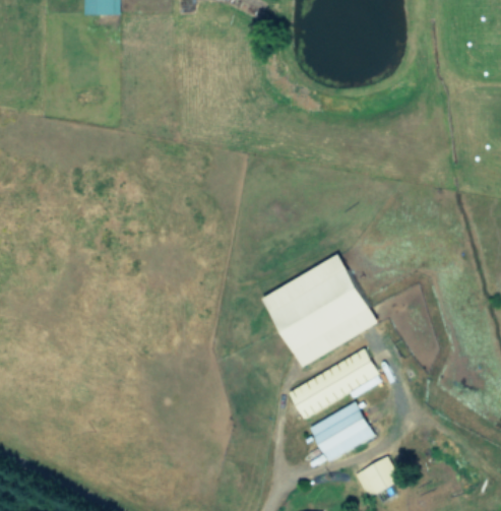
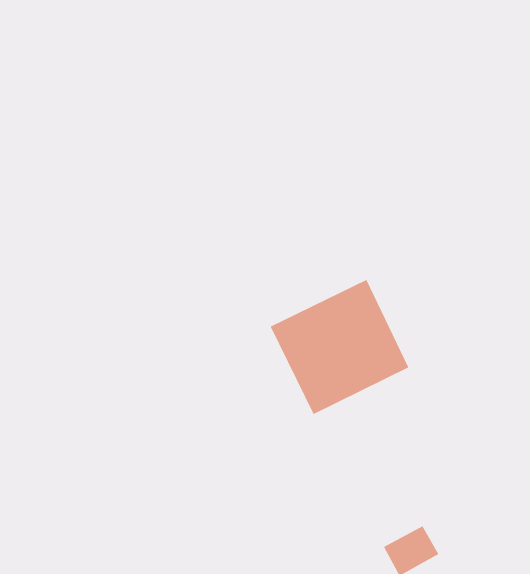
building: [288,349,382,420] -> none
building: [309,402,374,462] -> none

